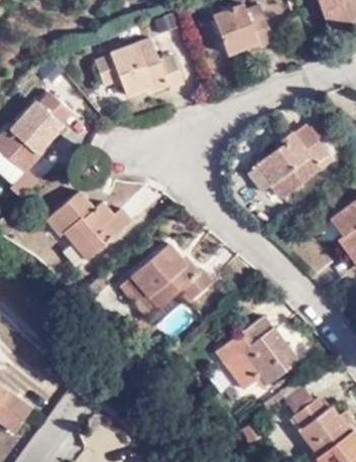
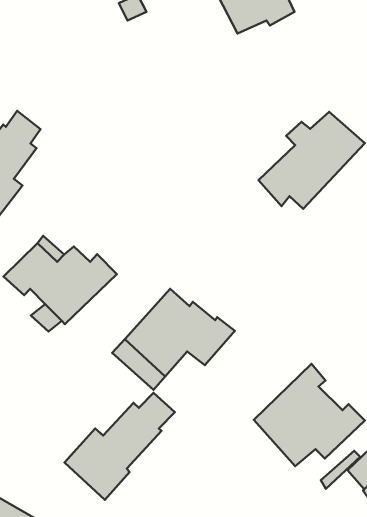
building: [111,42,195,89] -> none
building: none -> [65,393,175,500]

